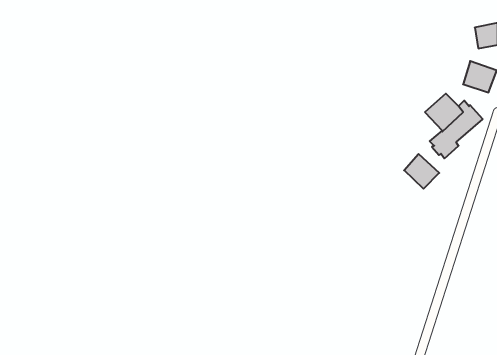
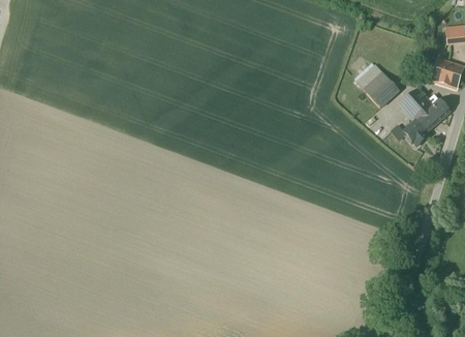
building: none -> [363,70,398,106]
building: [404,154,439,189] -> none

